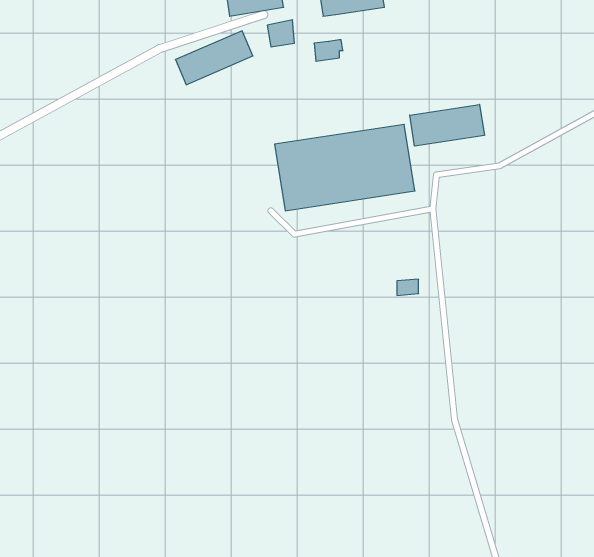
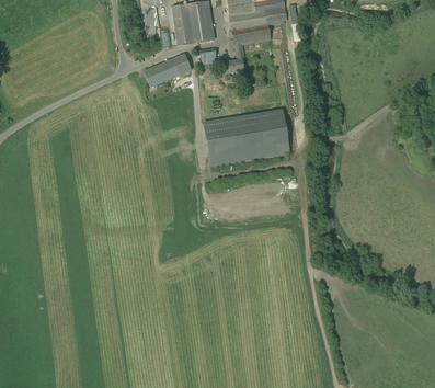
building: [410,104,484,146] -> none

